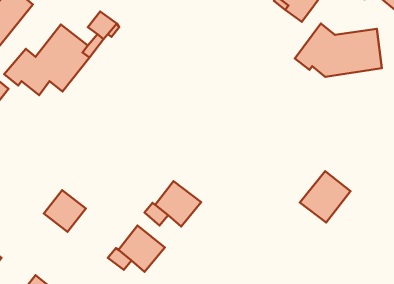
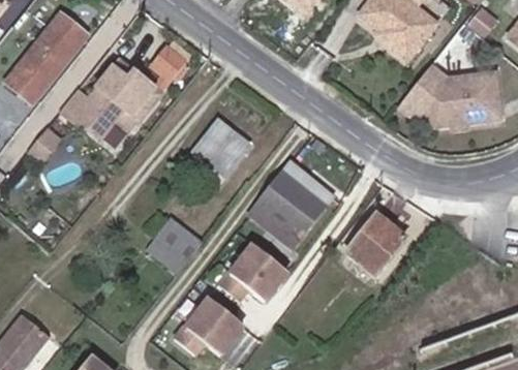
building: none -> [184,118,249,185]
building: none -> [250,172,326,246]
building: [300,171,351,222] -> [345,213,405,274]
building: [44,190,86,232] -> [150,219,200,269]

